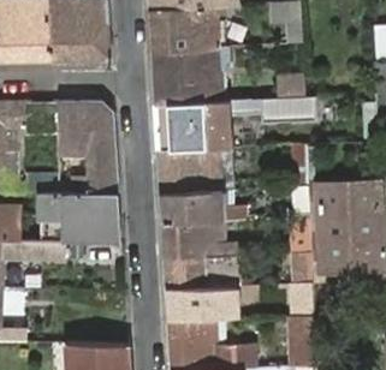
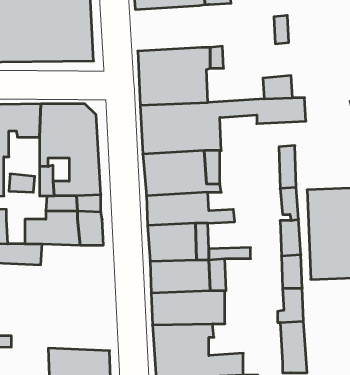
building: [150,6,215,50] -> none

